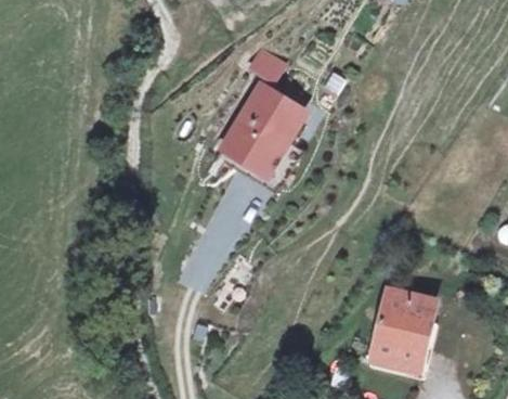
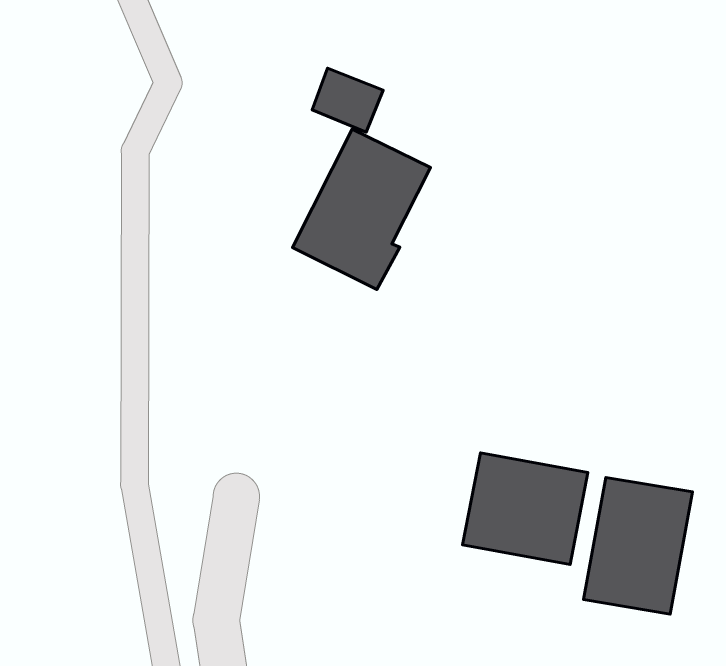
building: none -> [463,453,588,564]

